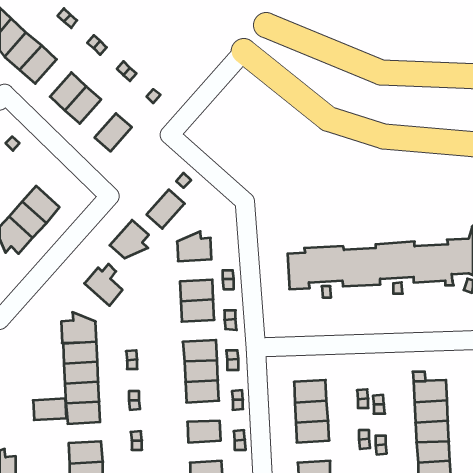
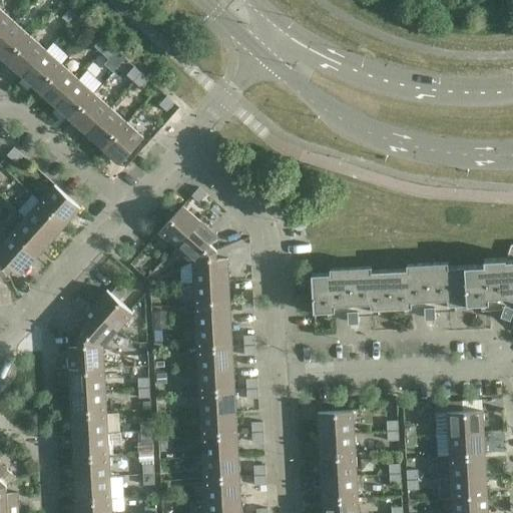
building: none -> [38,66,77,106]
building: none -> [86,109,125,150]
building: none -> [39,185,79,225]
building: [110,220,149,258] -> [175,221,217,263]
building: none -> [192,282,229,306]
building: none -> [75,308,118,349]
building: none -> [196,347,233,371]
building: [33,398,67,420] -> [73,457,109,480]
building: none -> [201,434,237,457]
building: none -> [203,477,239,501]
building: none -> [321,477,357,501]

